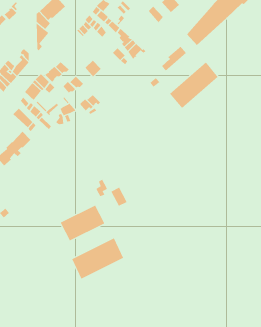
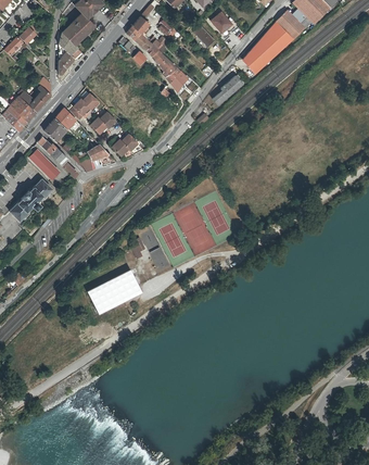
building: [169,62,219,109] -> none
building: [71,238,124,279] -> none

